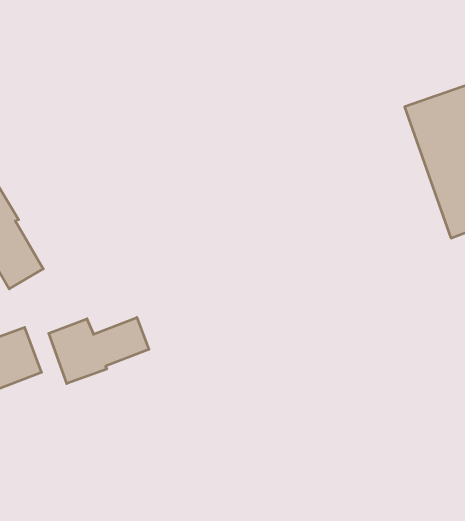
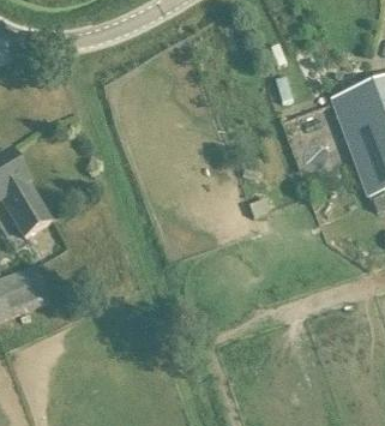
building: [49,317,149,384] -> none

